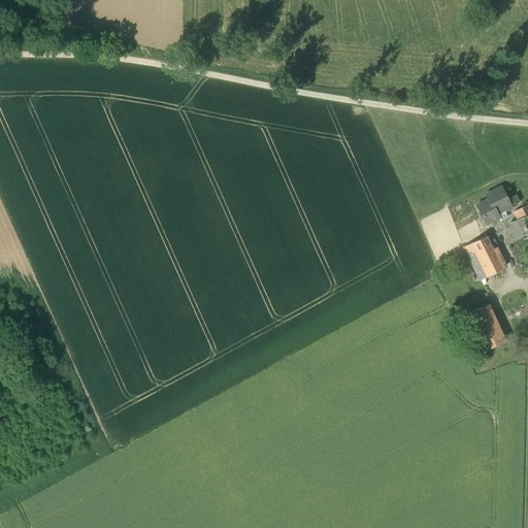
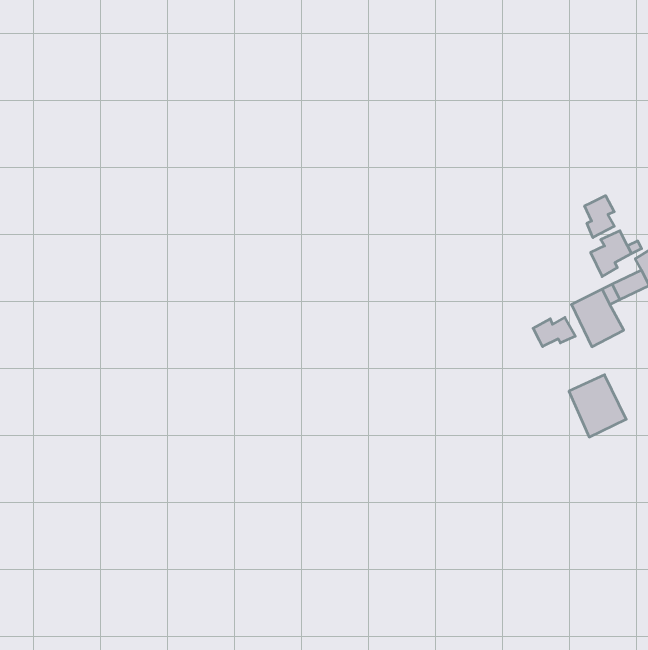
building: none -> [585,196,614,238]
building: none -> [533,317,575,347]

